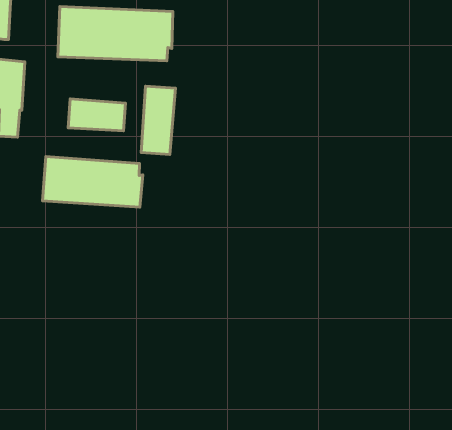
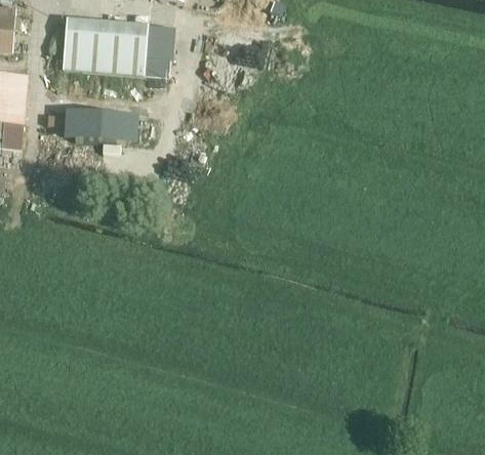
building: [141,86,175,154] -> none
building: [43,157,143,207] -> none

